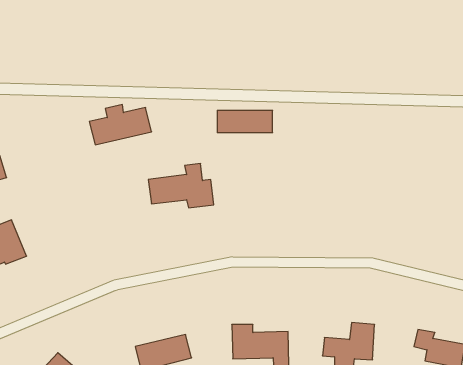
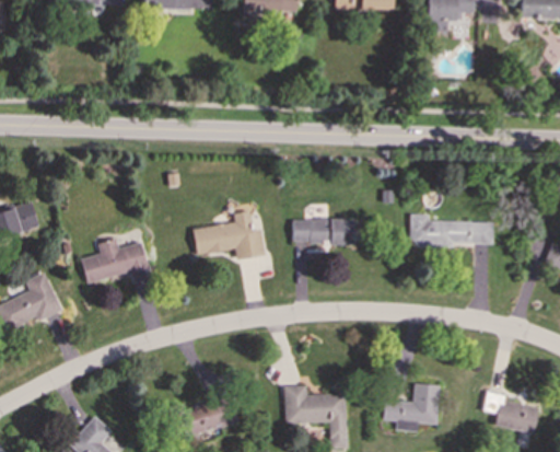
building: [89,105,152,145] -> [81,239,149,282]
building: [217,110,273,133] -> [293,219,353,243]
building: none -> [410,213,493,245]

